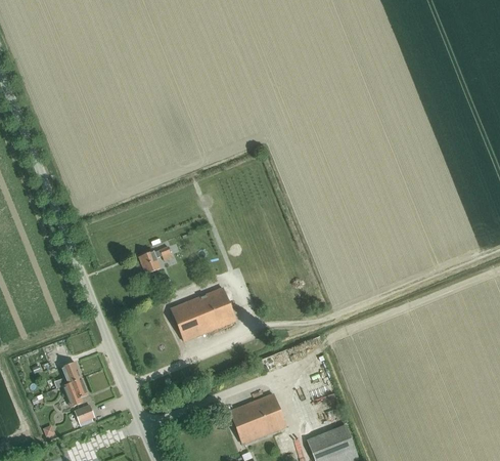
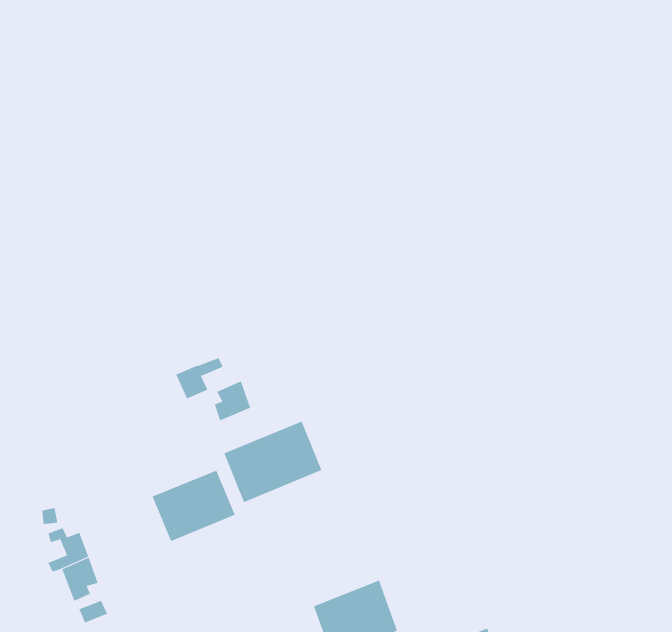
building: none -> [214,381,251,421]
building: none -> [152,470,235,542]

